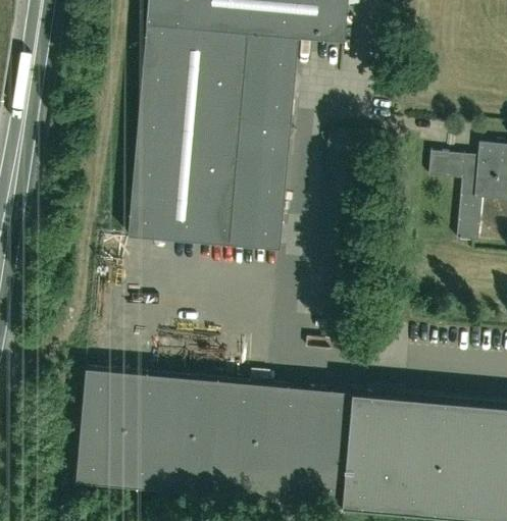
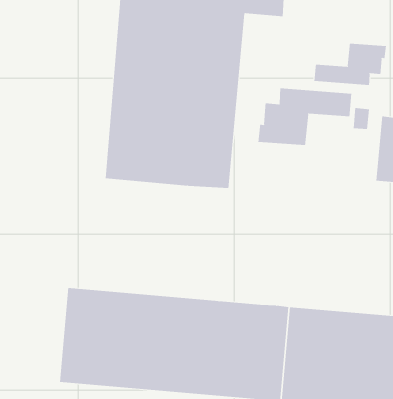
building: none -> [314,43,386,86]
building: none -> [258,87,352,146]

